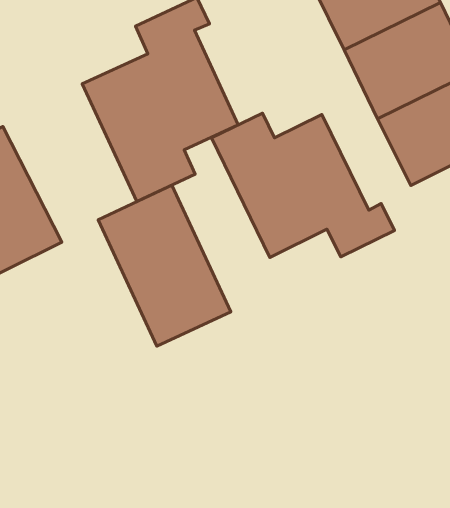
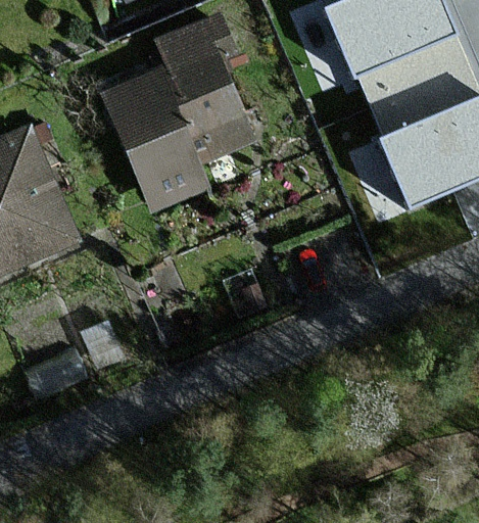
building: [211,113,394,258] -> none
building: [98,185,231,346] -> none

